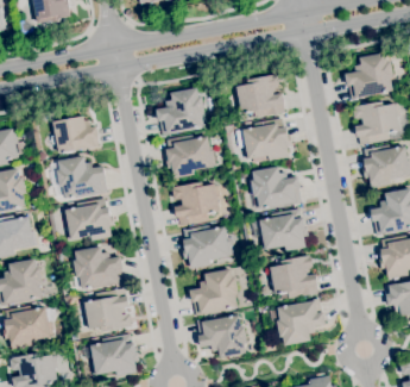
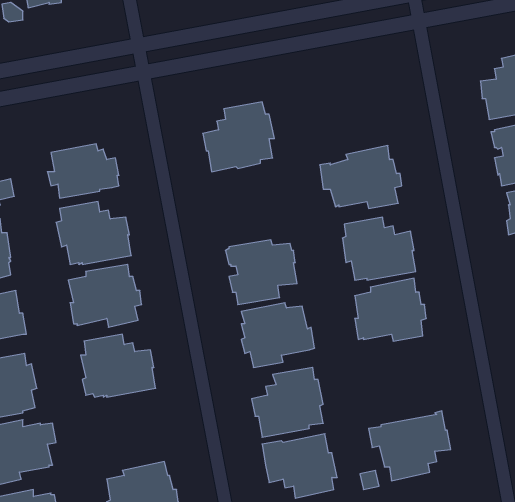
building: [235,75,285,119] -> none
building: [166,135,216,179] -> none
building: [269,255,318,300] -> none
building: [86,288,132,330] -> none

